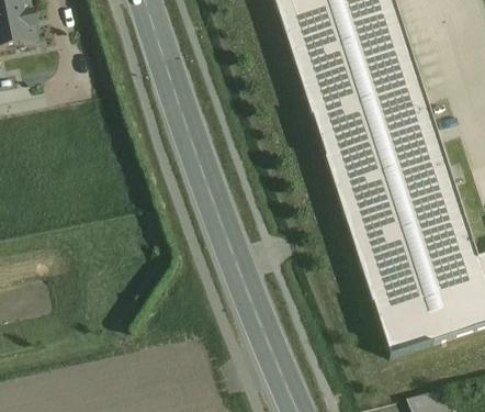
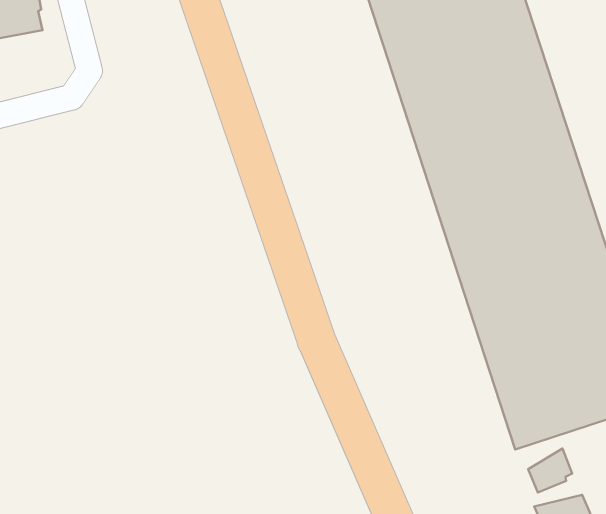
building: none -> [528,448,572,493]

